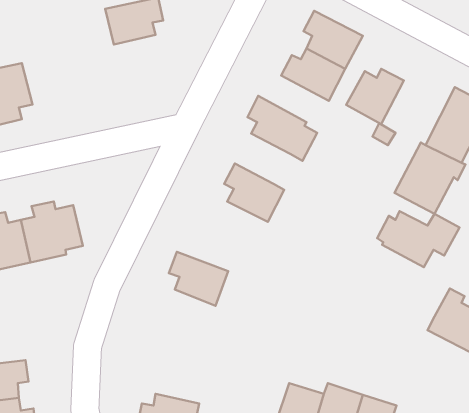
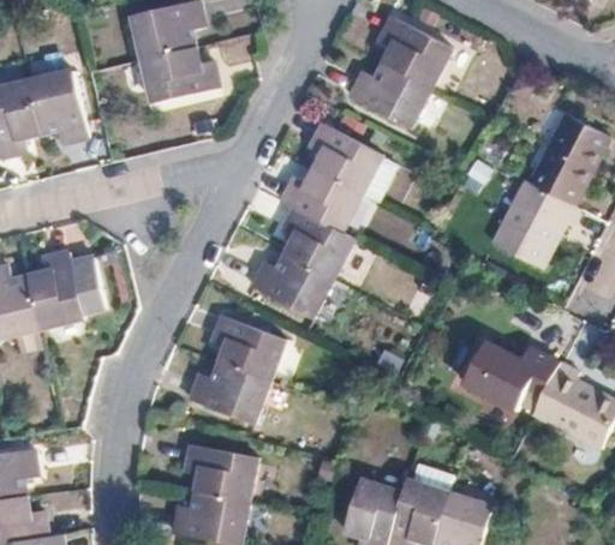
building: none -> [142,47,217,103]
building: none -> [28,71,86,144]
building: [346,69,404,124] -> none
building: none -> [280,169,360,232]
building: none -> [250,253,333,319]
building: [377,211,460,267] -> [456,341,559,411]
building: none -> [187,363,268,425]
building: none -> [183,444,257,504]

